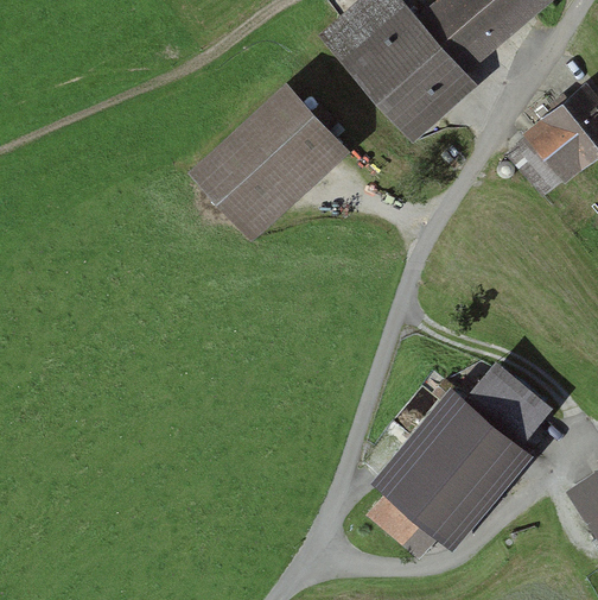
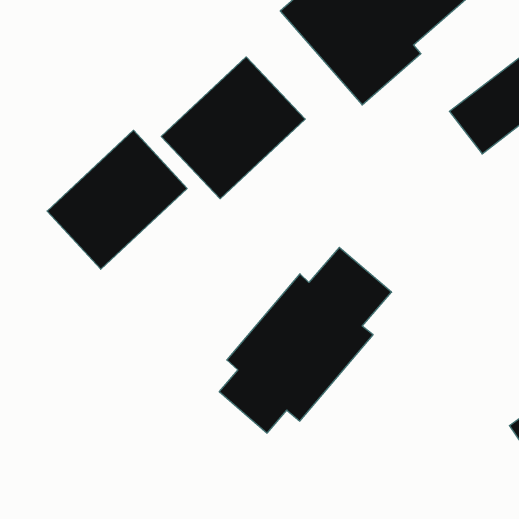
building: none -> [47,130,187,269]
building: [364,359,552,561] -> [219,247,392,433]

